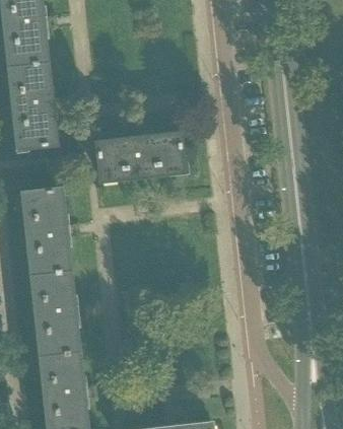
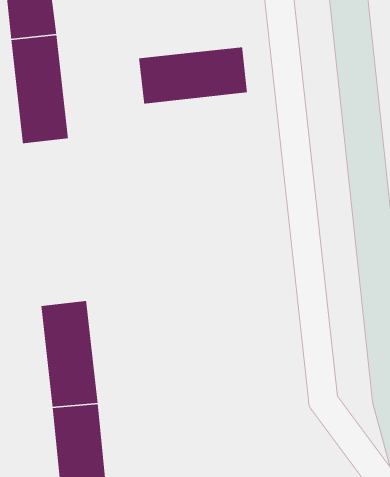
building: [96,134,183,180] -> [138,46,248,104]
building: [23,190,69,275] -> none

